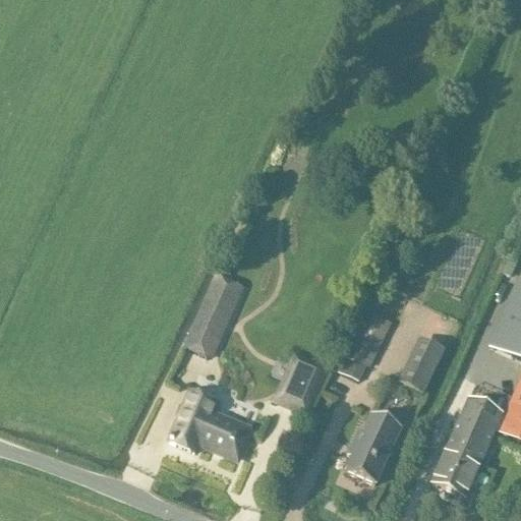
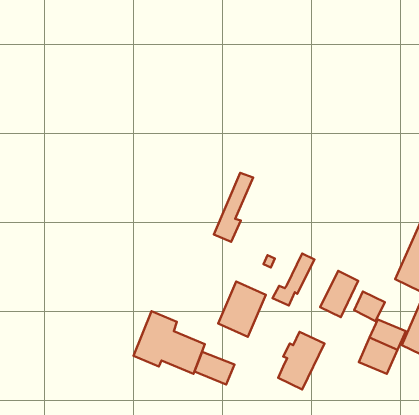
building: [187,269,236,354] -> [214,173,253,242]
building: none -> [354,292,385,321]
building: none -> [194,352,234,385]
building: [431,448,480,496] -> none

